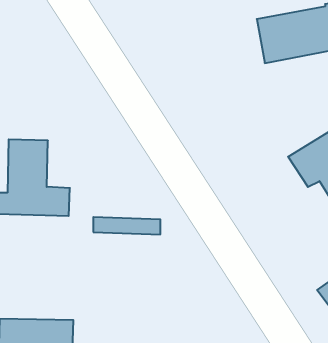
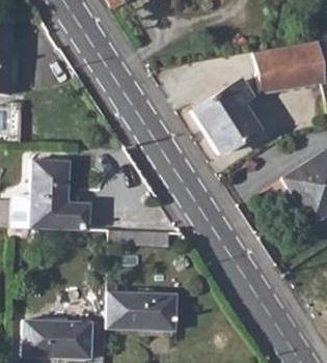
building: none -> [194,80,258,153]
building: none -> [107,294,175,330]

